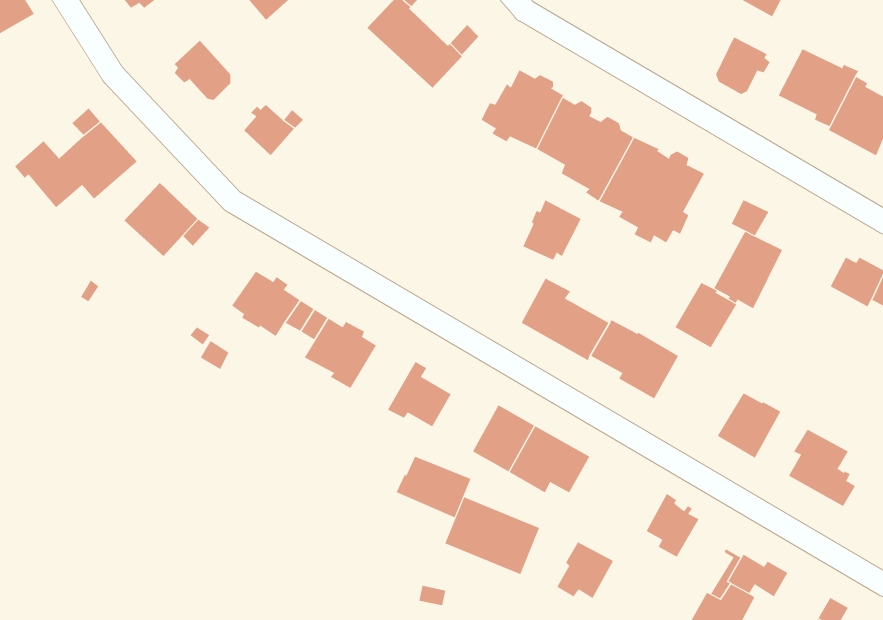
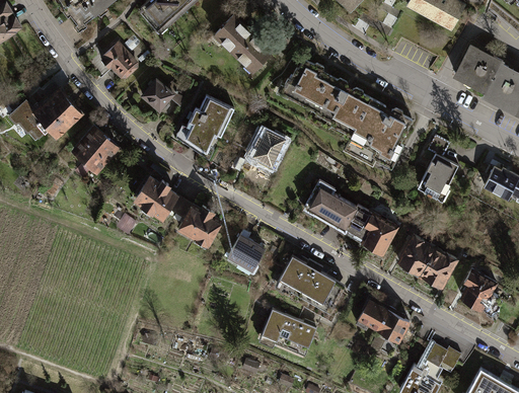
building: [715,36,770,95] -> none
building: none -> [182,95,234,147]
building: [522,200,581,260] -> [250,131,285,166]
building: [675,282,737,348] -> [398,235,435,273]
building: [396,456,471,518] -> none
building: [557,542,614,599] -> [357,296,390,329]

